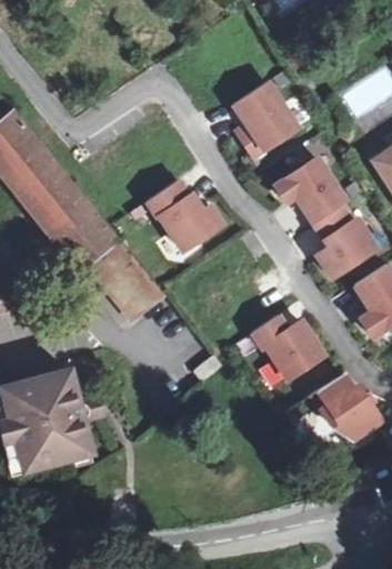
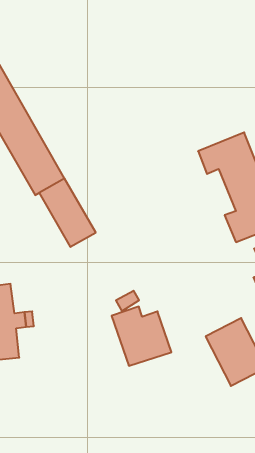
building: [225,80,298,158] -> none
building: [141,177,223,257] -> none
building: [249,315,324,385] -> [112,307,171,366]

